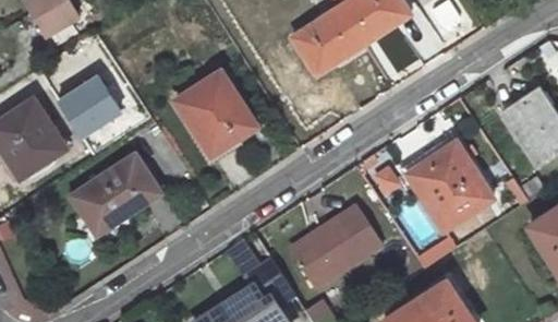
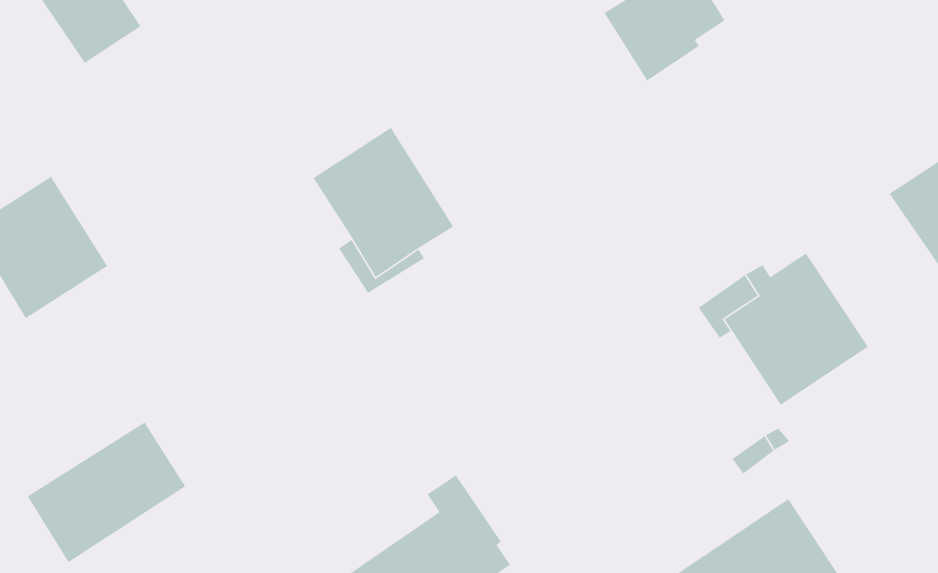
building: [291,9,364,74] -> none
building: [56,72,124,140] -> none
building: [71,156,159,235] -> [27,422,186,563]
building: [291,205,372,286] -> none

